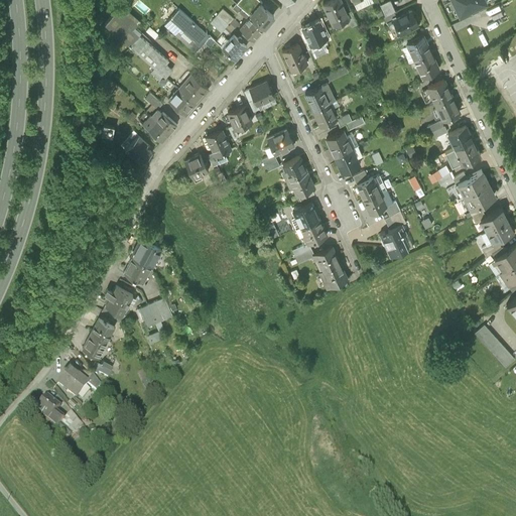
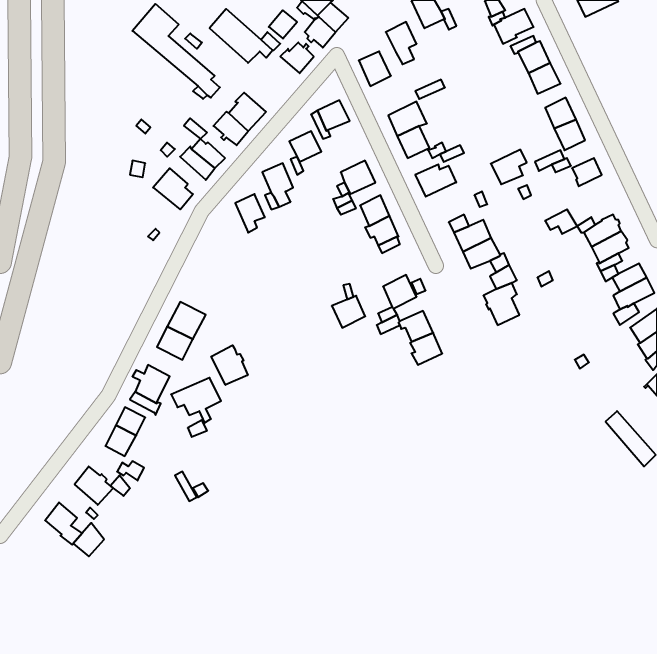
building: [444,139,480,167] -> none
building: [334,145,362,172] -> [491,150,527,184]
building: [292,202,318,227] -> [332,296,365,328]
building: none -> [211,345,248,385]

